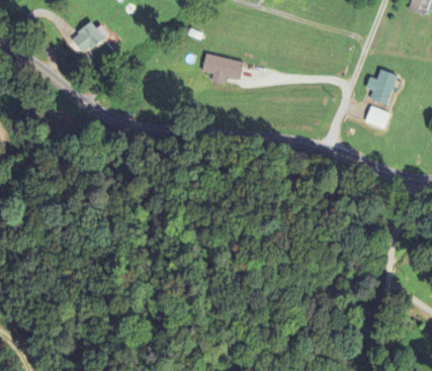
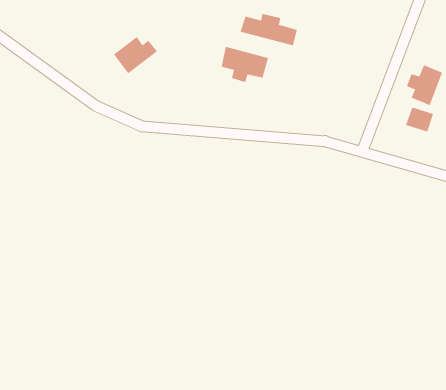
building: [70,21,109,55] -> [113,36,158,74]
building: none -> [240,13,297,46]

